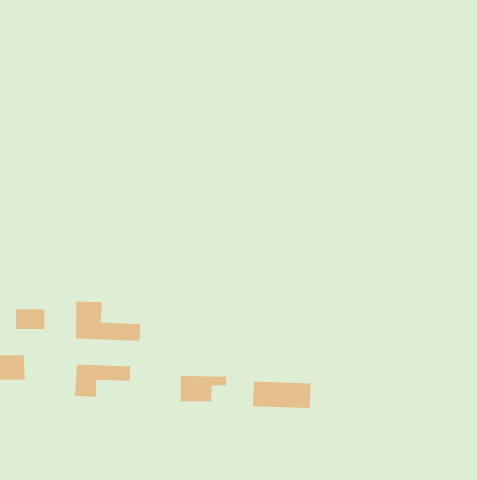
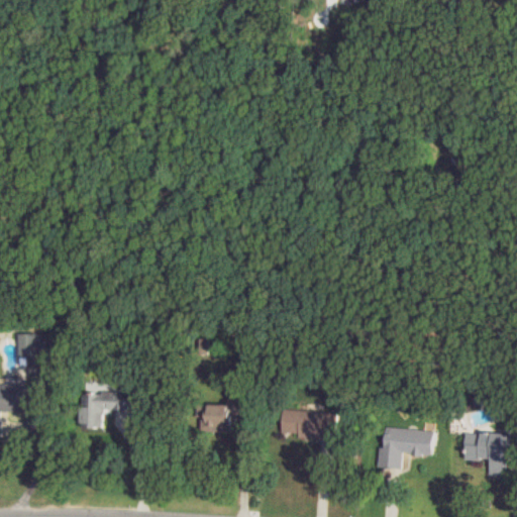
building: [75,301,141,341] -> none
building: none -> [377,425,432,469]
building: none -> [462,432,504,474]

